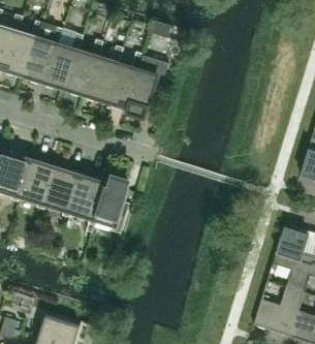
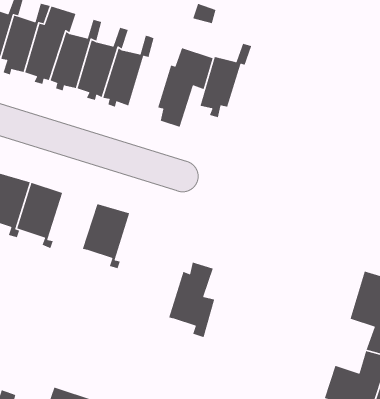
building: [103,52,144,110] -> [200,43,252,118]
building: [41,166,78,217] -> none
building: [93,175,129,233] -> [168,261,215,338]

